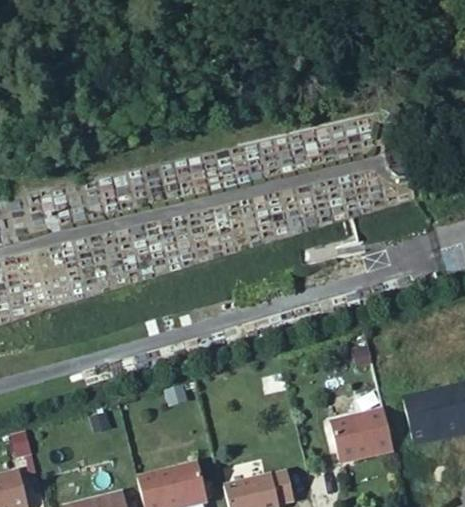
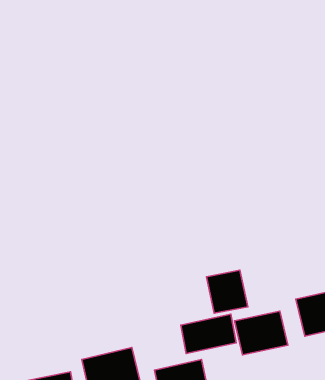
building: none -> [206,270,248,313]
building: none -> [181,314,236,354]

